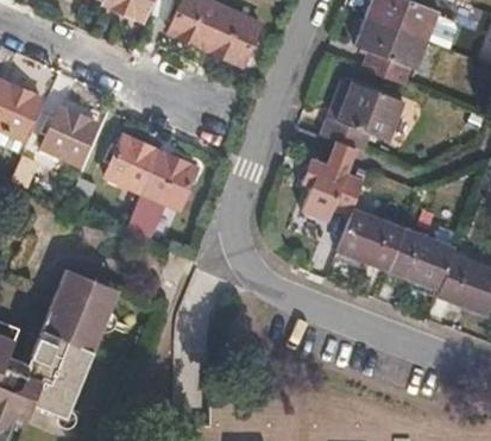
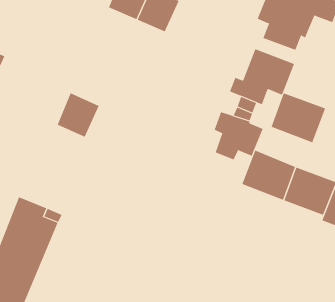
building: [43,102,99,164] -> none
building: none -> [271,93,326,143]
building: [124,155,196,242] -> none

